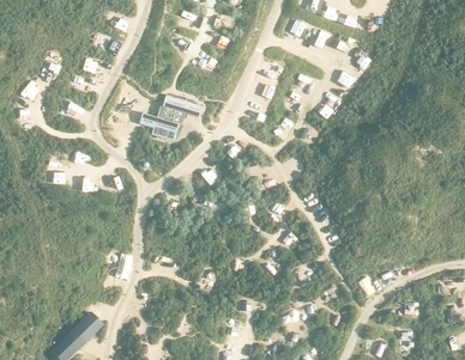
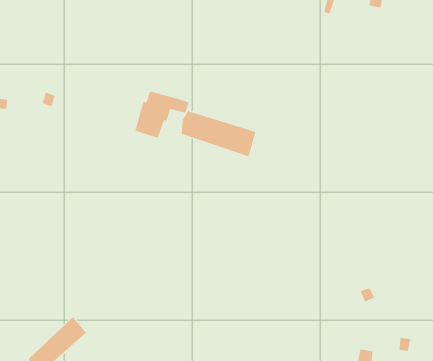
building: none -> [181,110,256,157]

